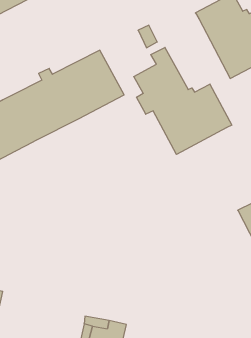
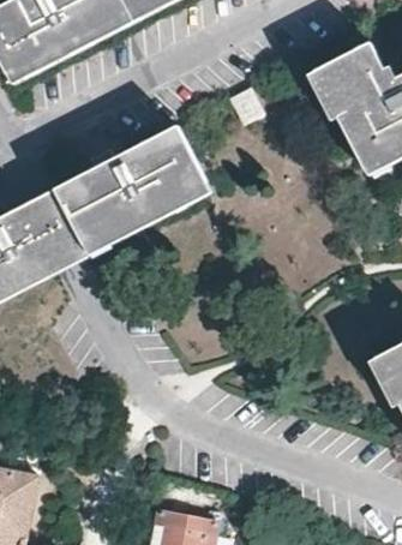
building: [134,47,232,154] -> none

